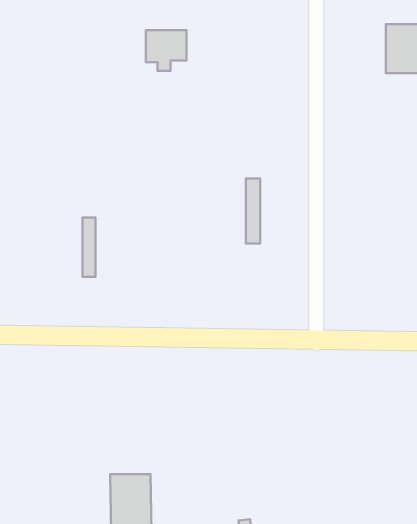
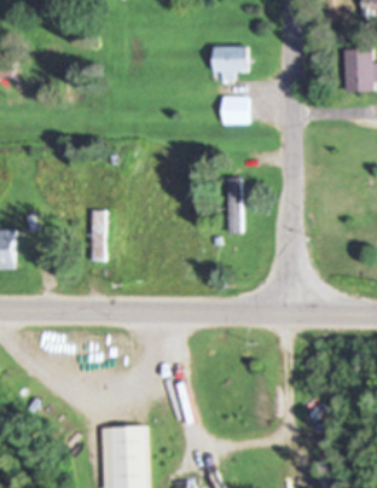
building: [146,30,186,71] -> [213,46,246,80]
building: none -> [221,98,246,123]

